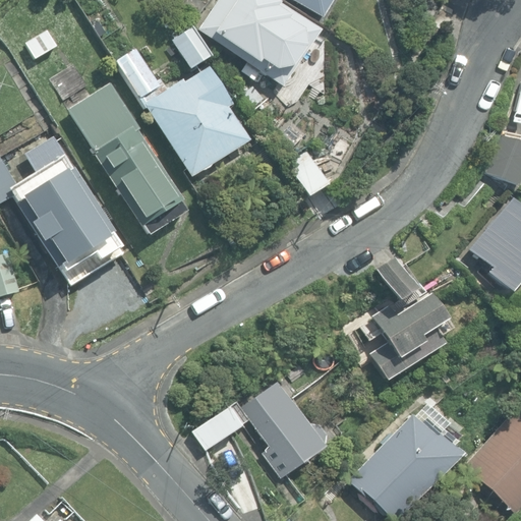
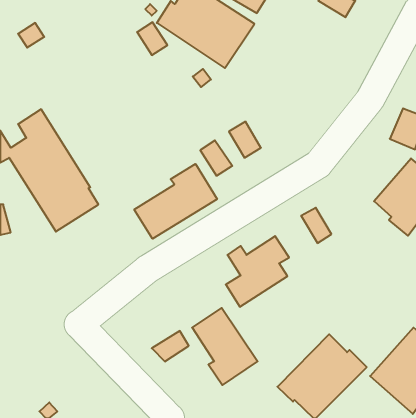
building: [117,49,250,176] -> none
building: [69,82,187,233] -> none
building: none -> [134,164,217,239]
building: [370,292,449,380] -> [226,236,289,307]

